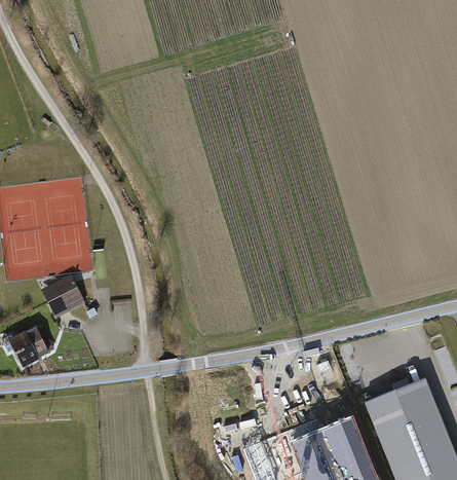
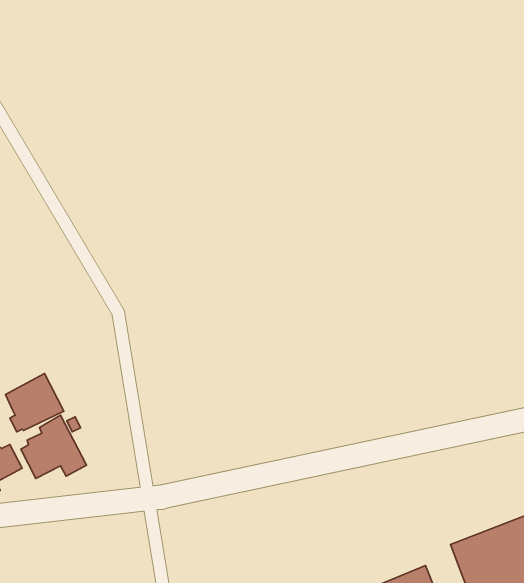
building: none -> [21,415,86,478]

